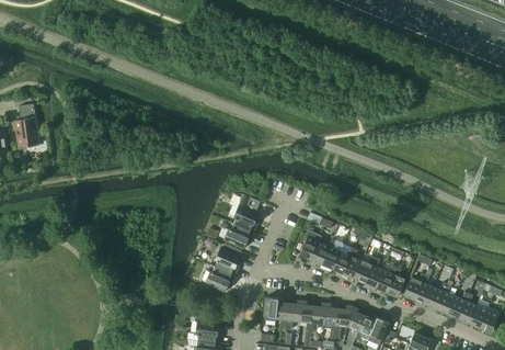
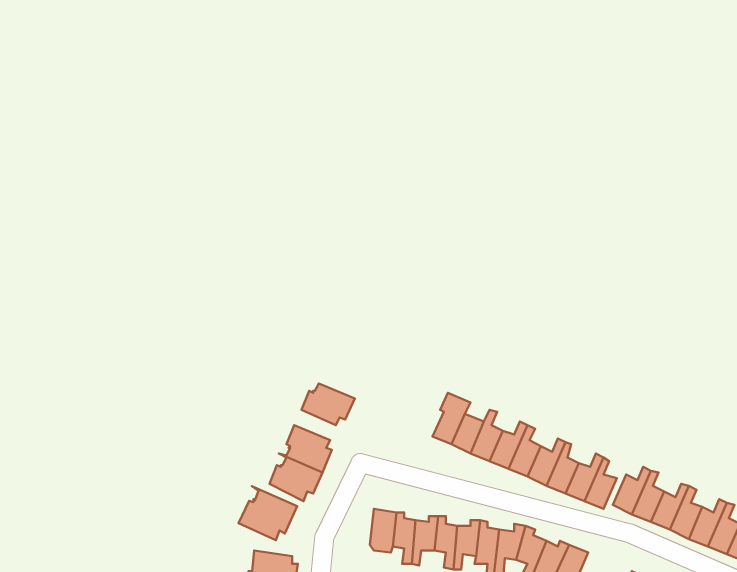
building: [229,194,260,234] -> none
building: none -> [239,486,297,540]

